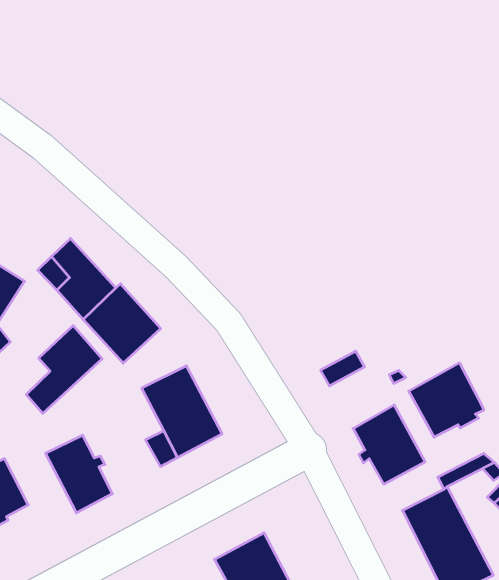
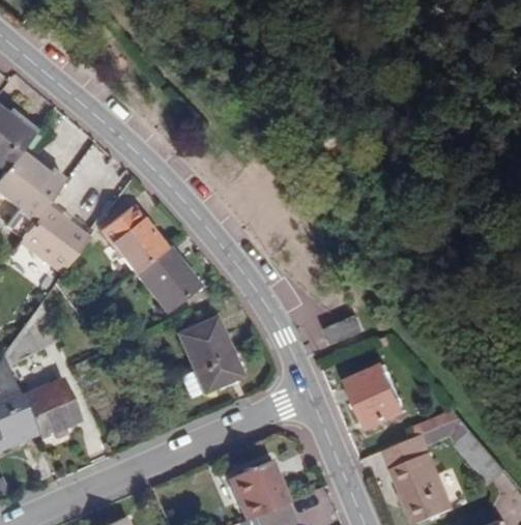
building: [26,326,102,413] -> none
building: [409,363,484,437] -> none
building: [46,435,112,513] -> none

